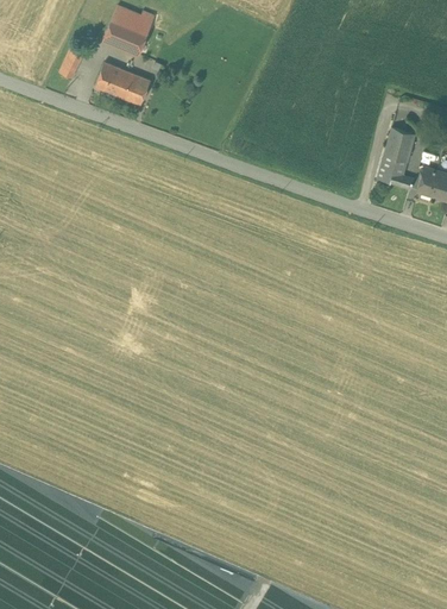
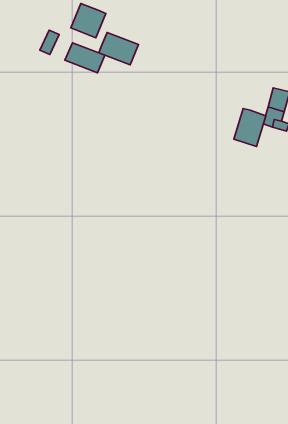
building: none -> [99,32,139,65]
building: none -> [234,108,266,146]

